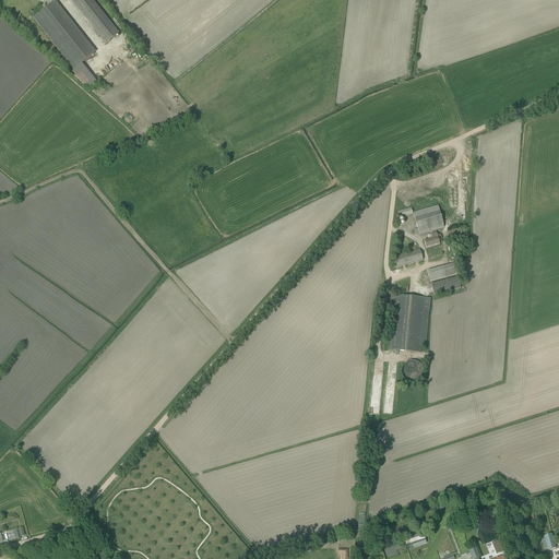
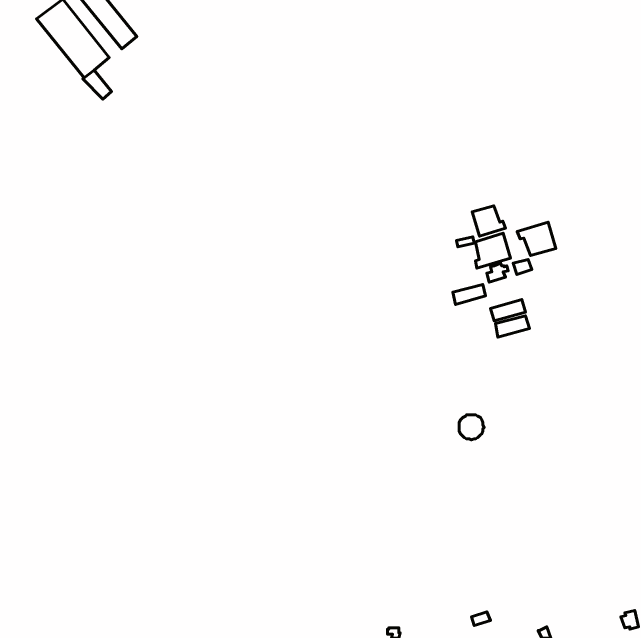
building: none -> [472,206,506,236]
building: none -> [517,222,556,256]
building: [389,292,430,350] -> none

